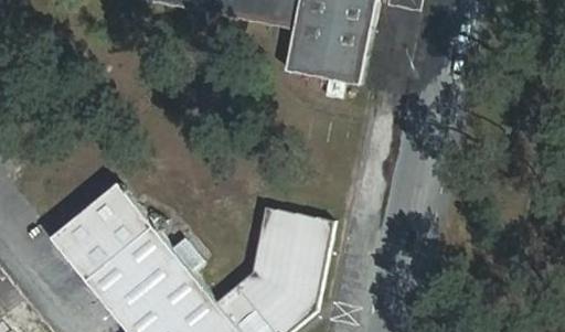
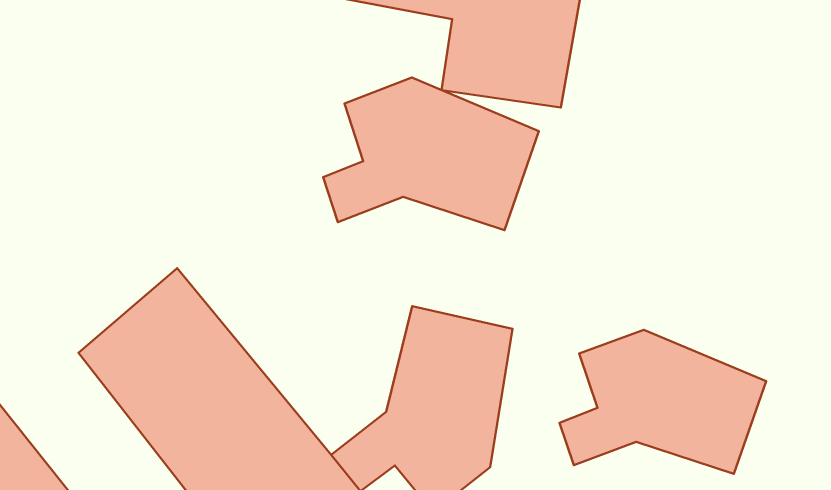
building: none -> [323,78,539,230]
building: none -> [559,330,766,474]

